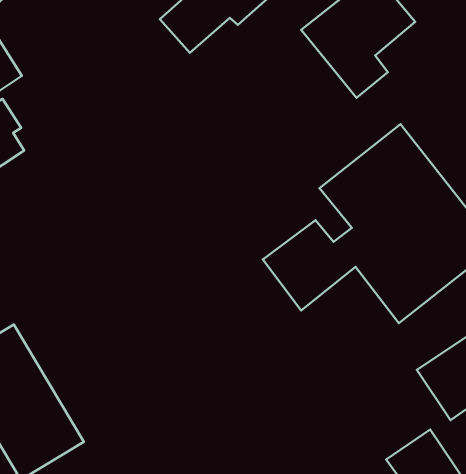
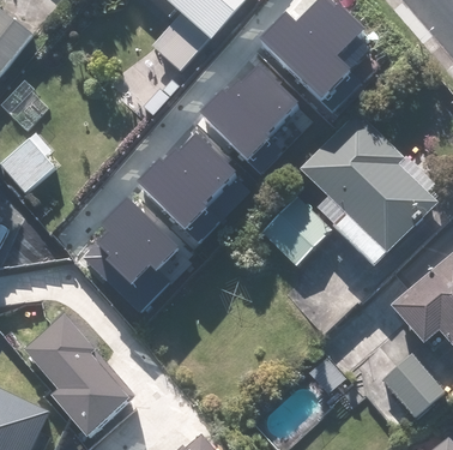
building: none -> [203,62,294,166]
building: none -> [140,131,231,234]
building: none -> [79,193,192,316]

